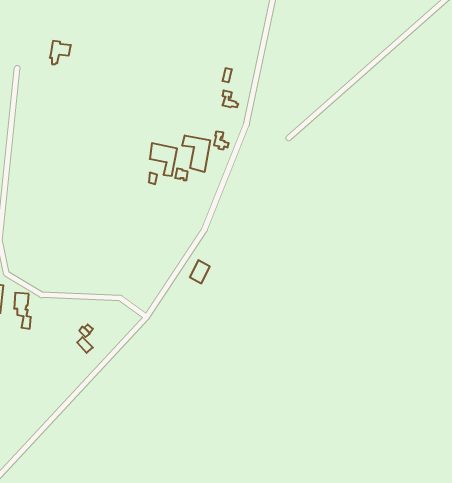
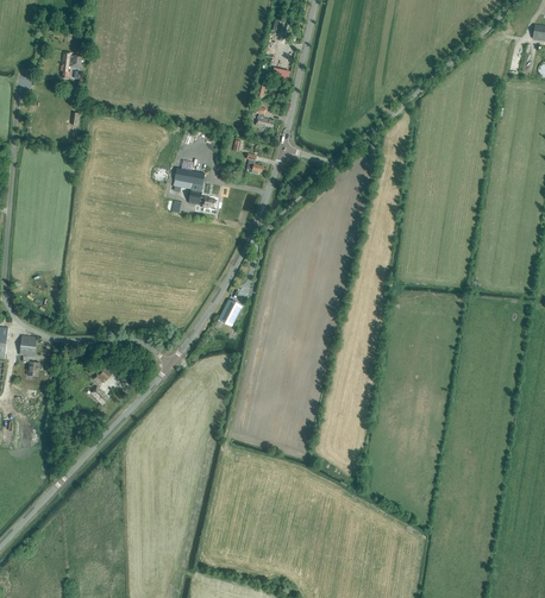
building: [182,135,210,172] -> none

